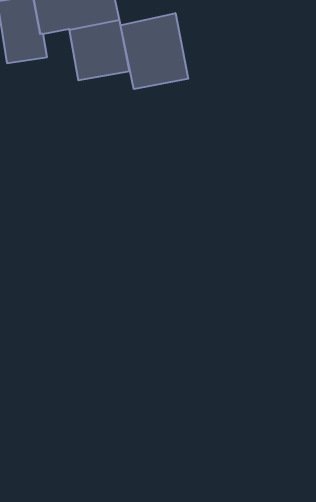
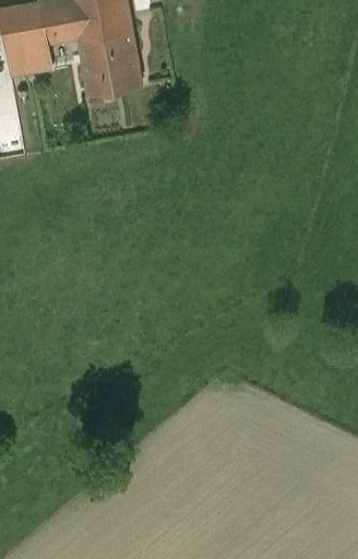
building: [121,13,188,89] -> none

